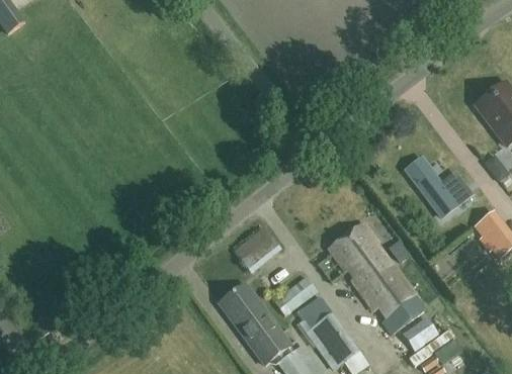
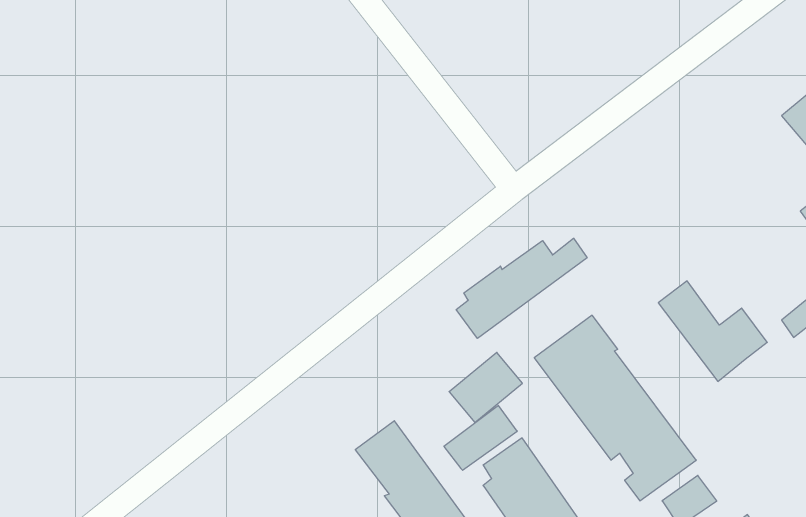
building: [407,156,472,215] -> [658,281,767,381]
building: none -> [456,238,587,338]
building: [233,228,276,270] -> [449,352,522,422]

